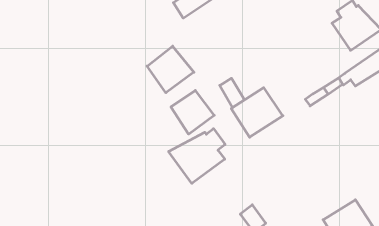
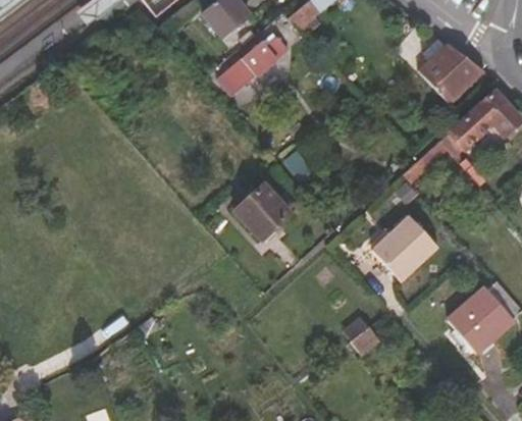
building: [147,46,194,93] -> none
building: [231,88,283,137] -> [373,217,439,282]
building: [169,129,225,183] -> none

